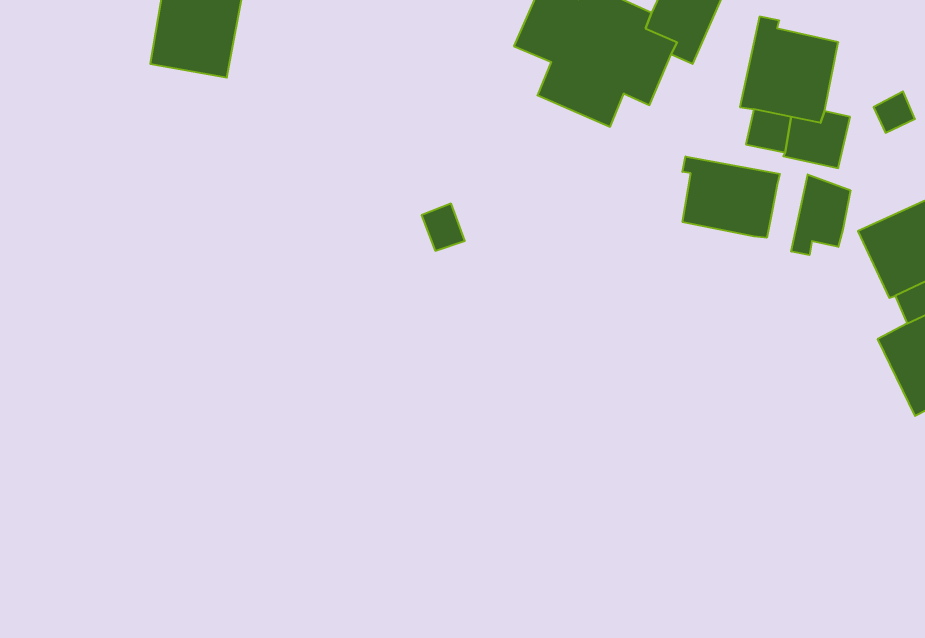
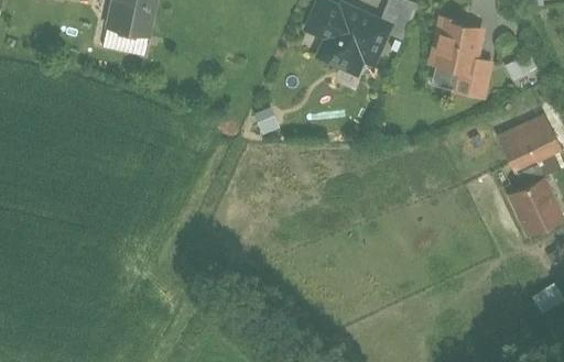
building: [682,156,780,238] -> none
building: [791,174,850,255] -> none

